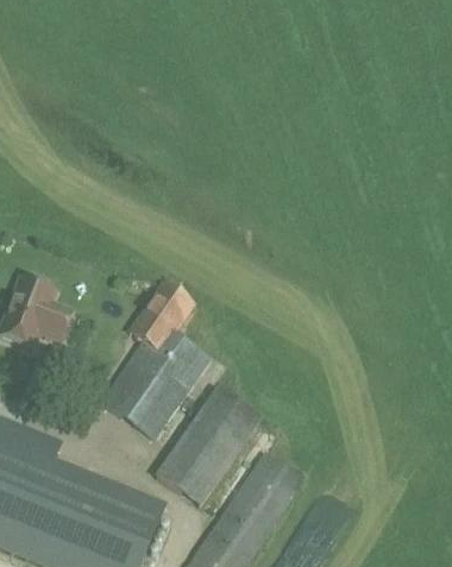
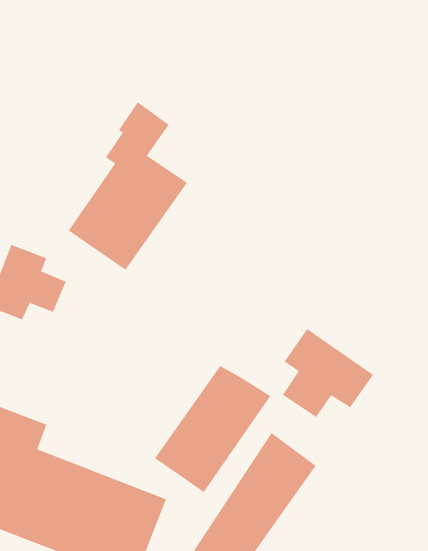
building: [99,284,209,440] -> [68,102,188,270]
building: none -> [282,328,374,418]

